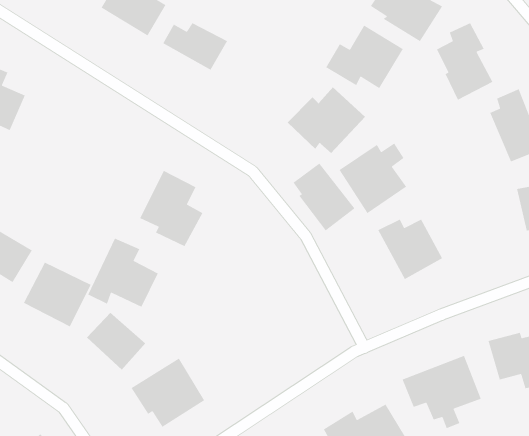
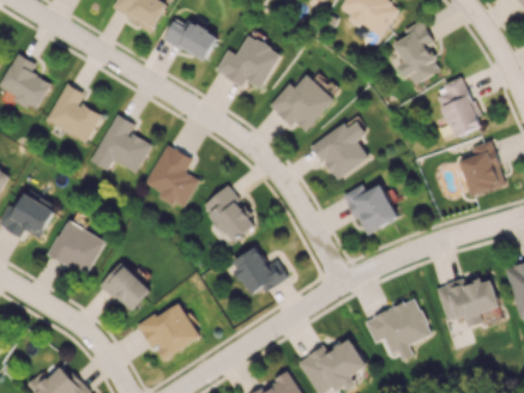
building: [325,25,404,89] -> [216,35,282,89]
building: none -> [46,84,101,143]
building: [292,163,355,231] -> [204,187,257,244]
building: [87,237,159,308] -> [91,114,151,173]
building: none -> [230,247,289,295]

